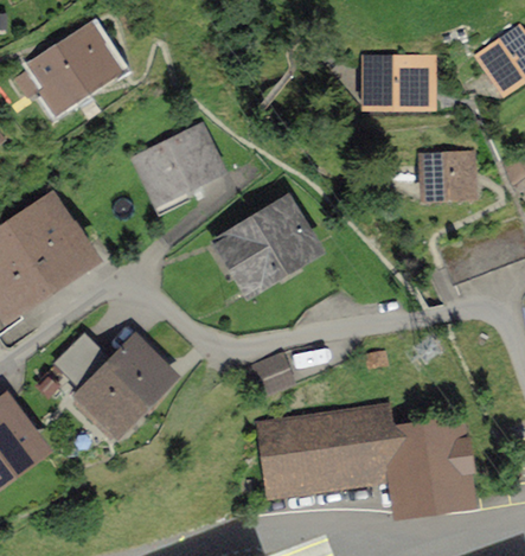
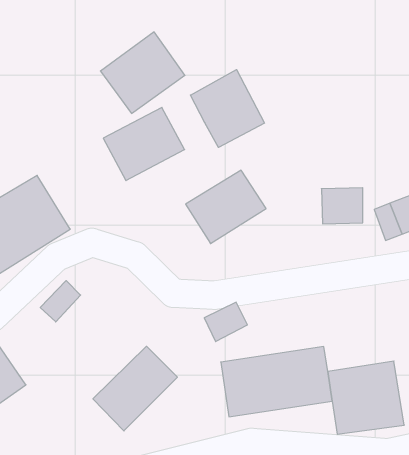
building: [15,25,113,119] -> [100,32,185,113]
building: [370,58,434,103] -> none
building: none -> [190,70,264,147]
building: [425,153,473,194] -> [321,188,363,224]
building: [76,338,173,435] -> [93,346,177,431]

